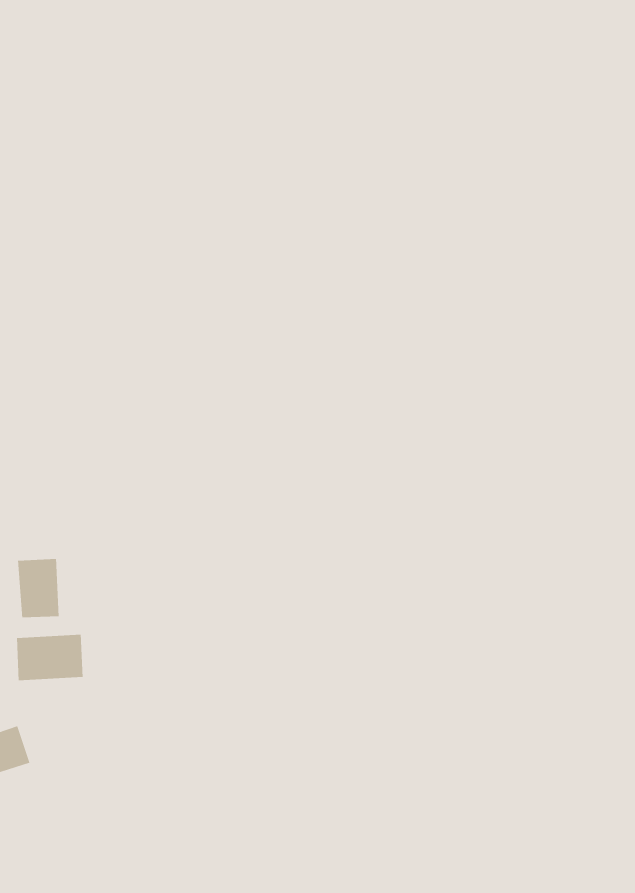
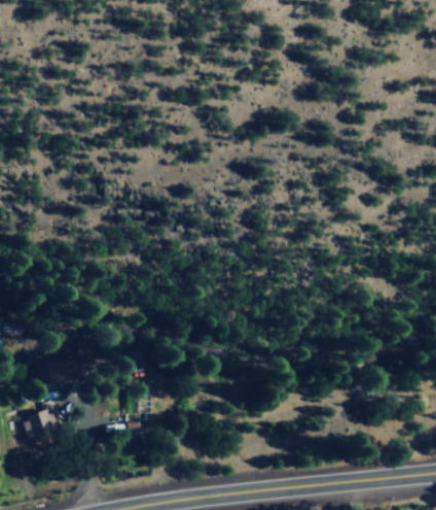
building: [17,558,60,618] -> none

